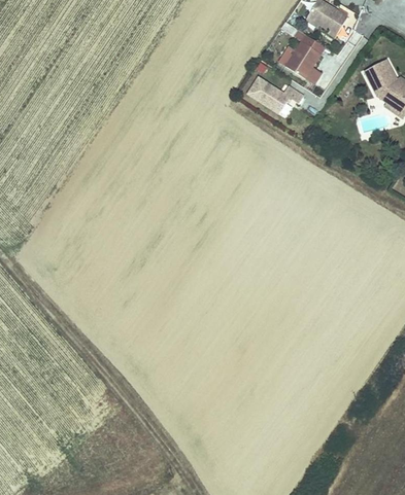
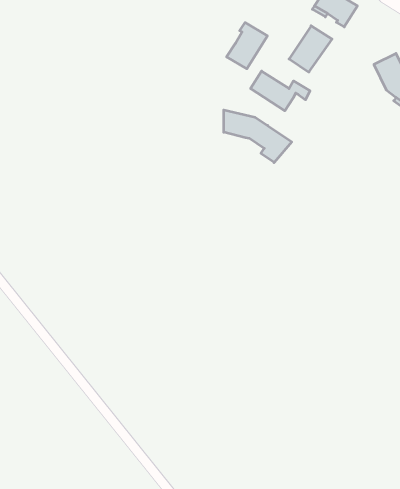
building: none -> [227,23,267,69]
building: none -> [224,110,292,163]

